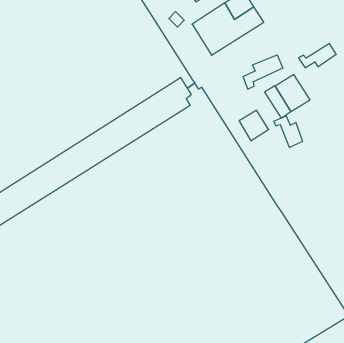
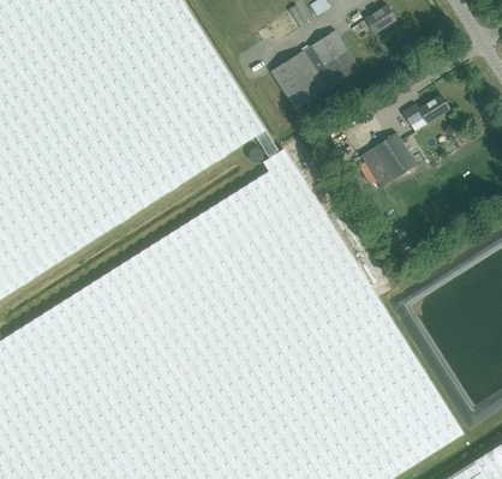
building: [243,55,283,89] -> none
building: [239,110,269,141] -> none
building: [274,116,303,148] -> none

